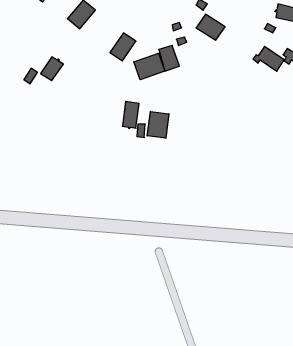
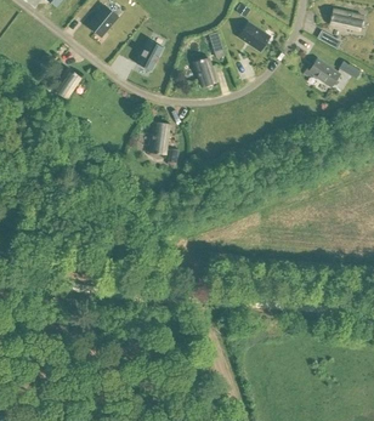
building: [134,53,165,80] -> none
building: [147,111,169,138] -> none

